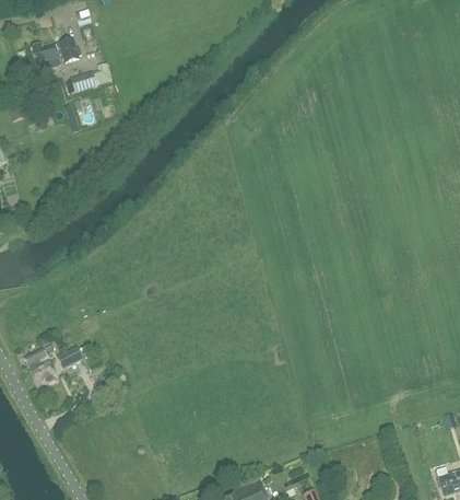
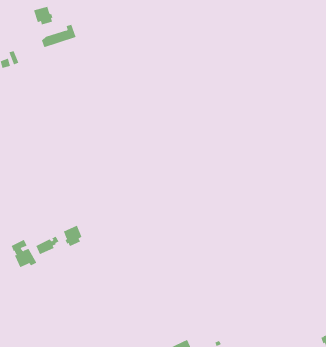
building: [32,42,60,67] -> none
building: none -> [63,225,82,247]

